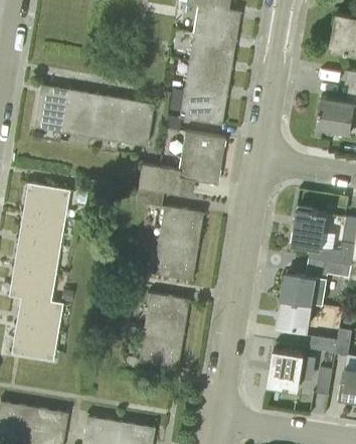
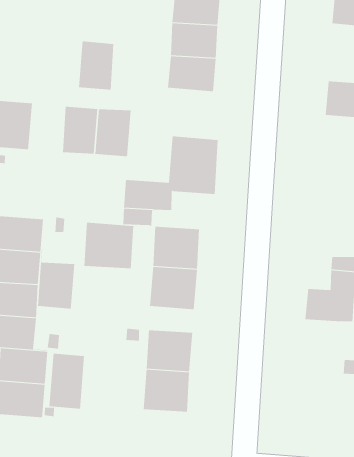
building: [181,90,224,125] -> none
building: [62,92,97,136] -> [78,41,114,90]
building: none -> [84,222,134,269]
building: [292,208,327,248] -> none
building: none -> [37,248,75,310]
building: [279,298,314,330] -> none
building: none -> [49,353,85,410]
building: [269,349,305,389] -> none

